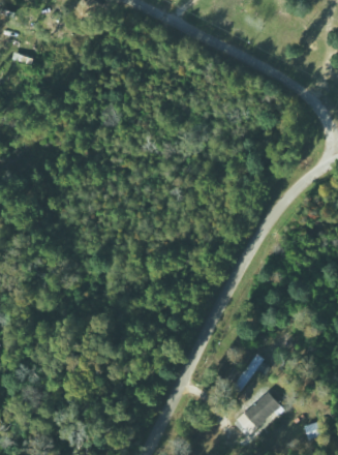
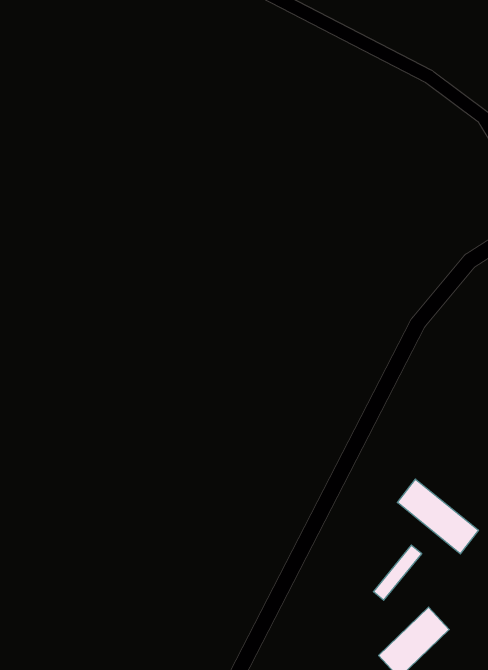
building: none -> [397,479,478,554]

